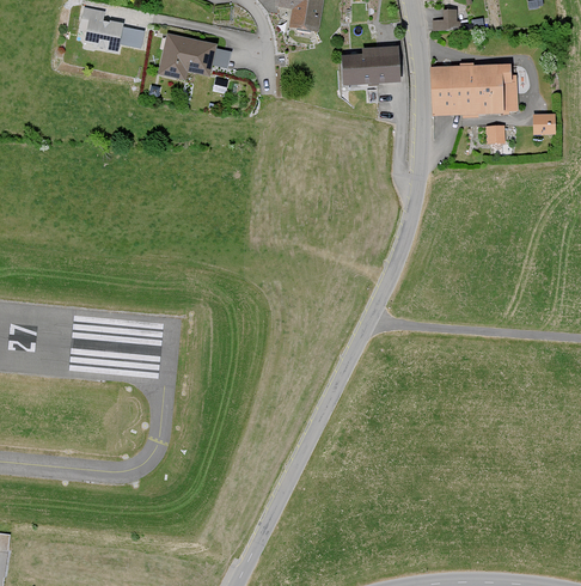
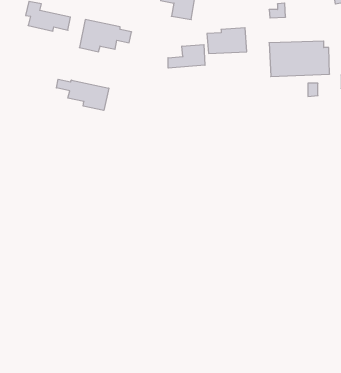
building: none -> [168,45,205,68]
building: none -> [56,79,109,110]

